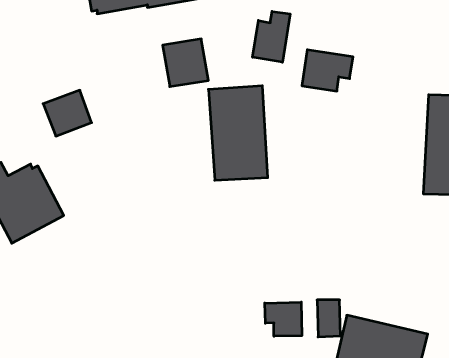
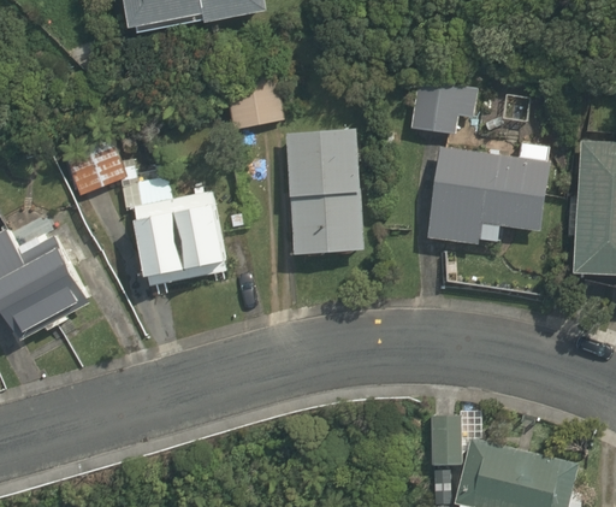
building: [253,11,290,62] -> none
building: none -> [426,142,551,244]
building: none -> [132,190,227,285]
building: [265,302,302,336] -> none

